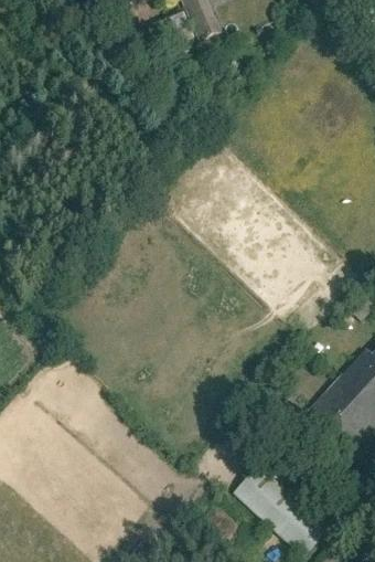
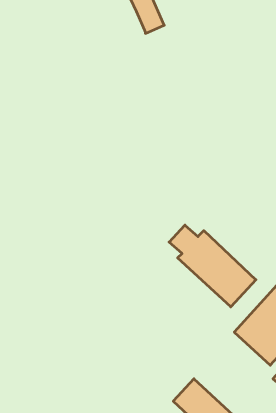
building: none -> [169,225,256,307]

